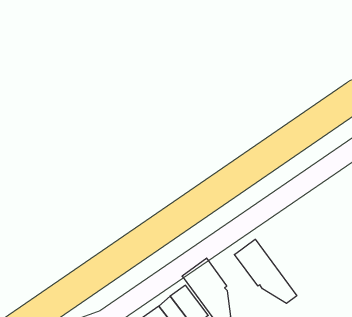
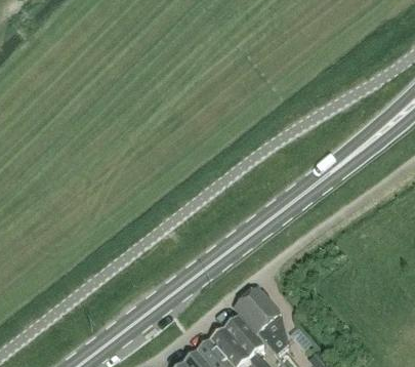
building: [234,239,297,303] -> none

